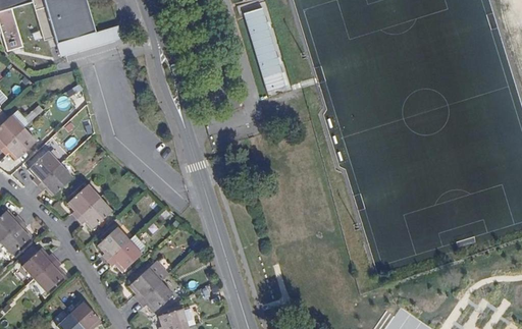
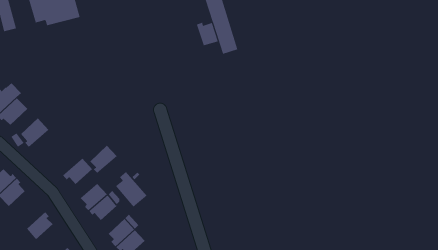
building: none -> [196,22,218,46]
building: [37,165,71,197] -> none
building: [66,184,99,218] -> [89,145,117,174]
building: none -> [115,171,147,208]
building: [21,250,56,280] -> none

